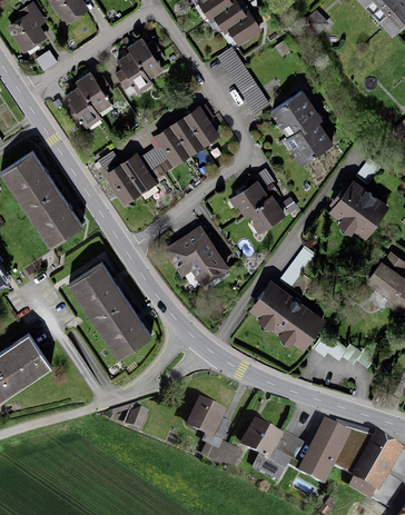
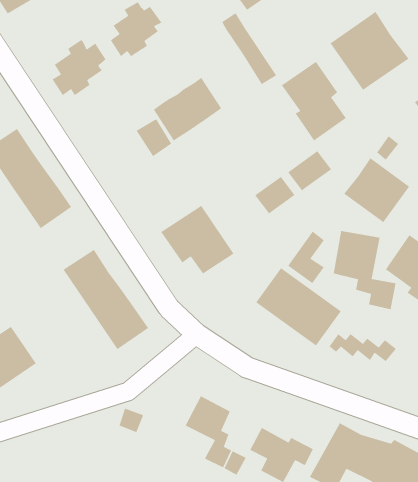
building: none -> [330,11,409,91]
building: [103,153,155,204] -> none
building: [229,180,270,218] -> [287,150,332,192]
building: none -> [333,230,397,310]

